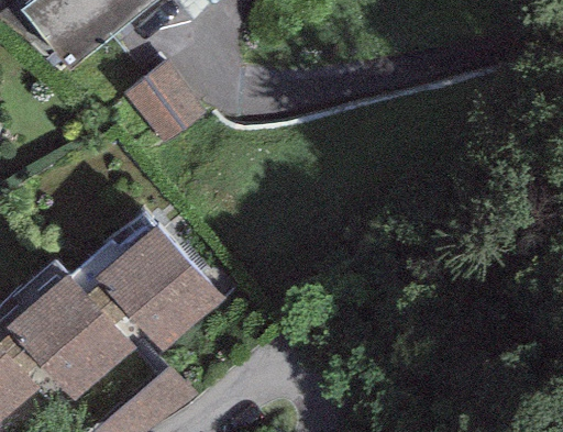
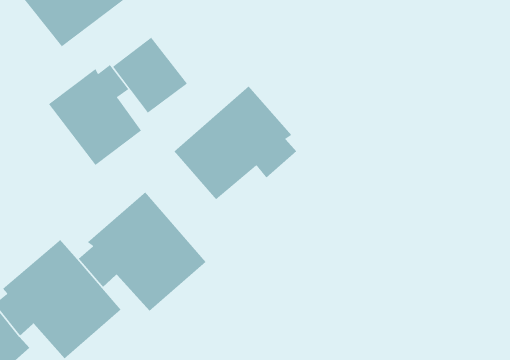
building: none -> [48,64,142,166]
building: none -> [173,85,297,200]

